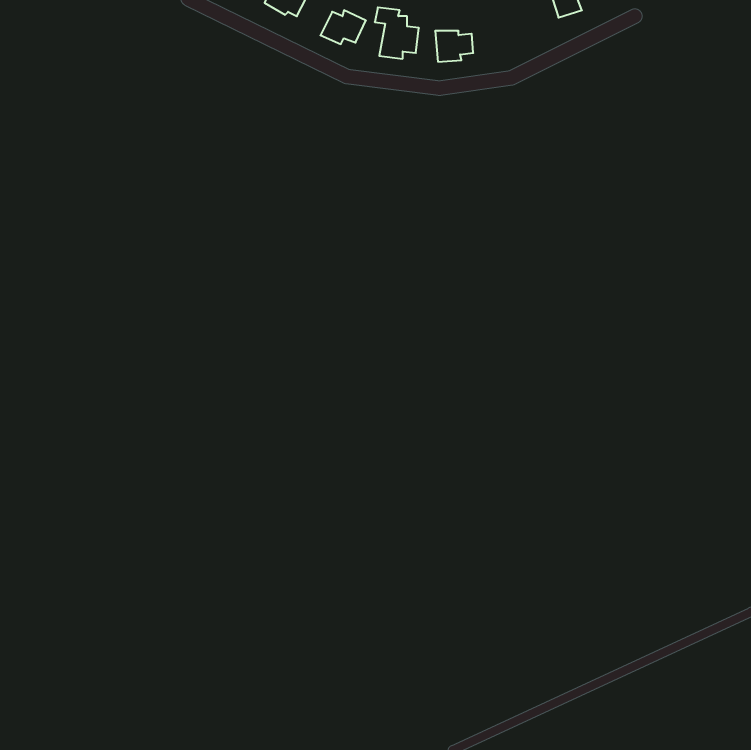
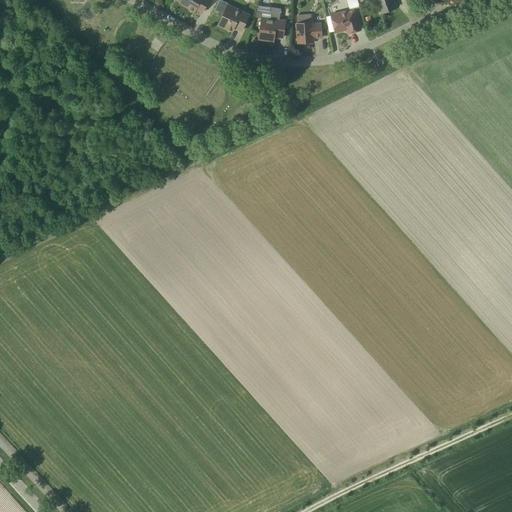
building: none -> [330,7,360,32]

